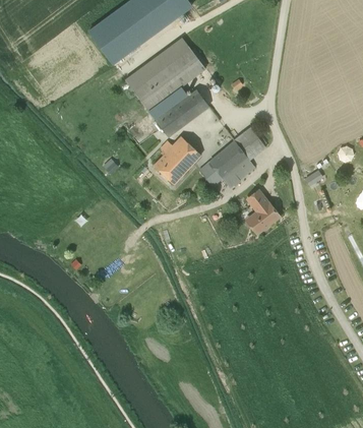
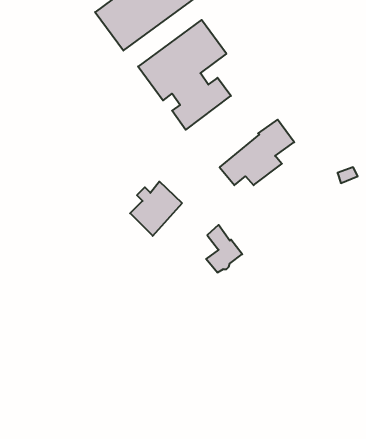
building: [154,136,200,185] -> [130,182,182,236]
building: [246,190,279,233] -> [206,225,242,272]

